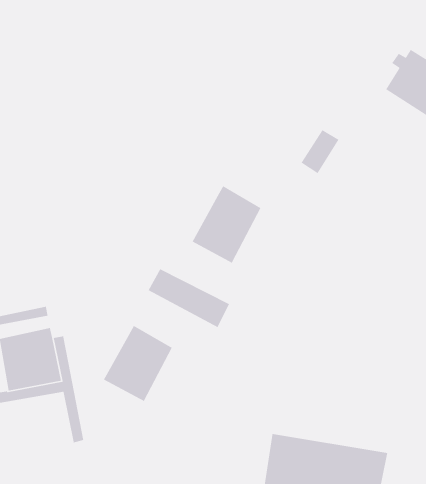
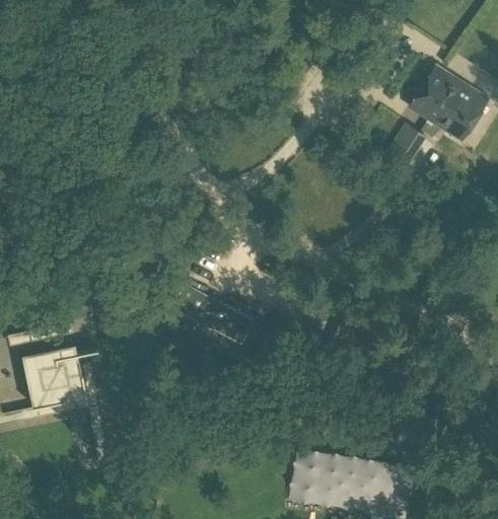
building: [301,129,339,174] -> [384,122,423,166]
building: [191,185,261,264] -> none
building: [103,325,173,402] -> none

